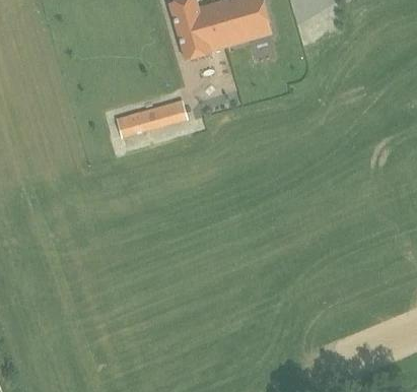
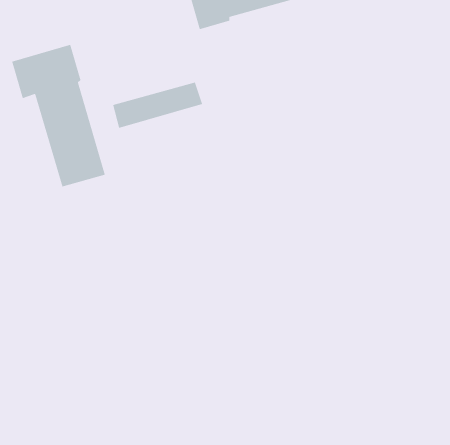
building: none -> [11,44,106,187]

